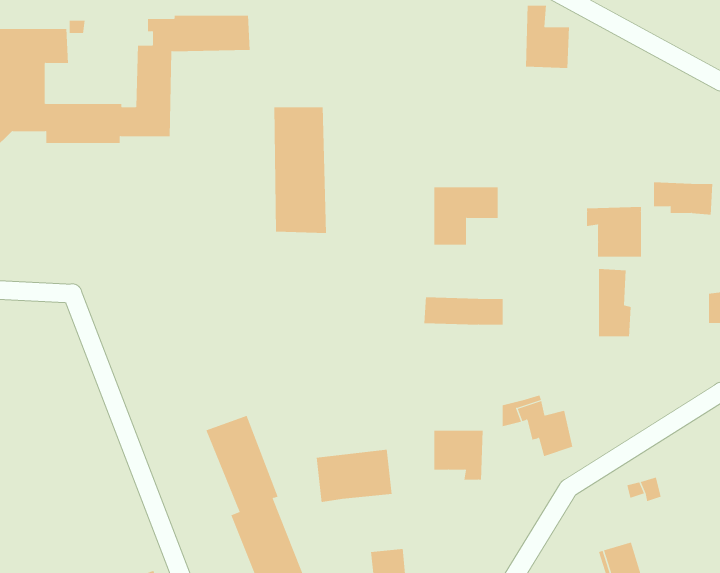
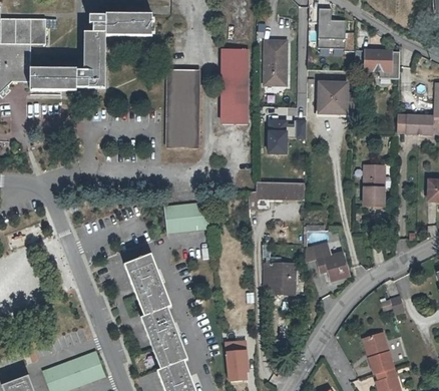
building: none -> [355,35,391,78]
building: none -> [265,43,287,86]
building: none -> [221,46,248,120]
building: none -> [317,83,345,112]
building: [587,206,641,258] -> none
building: [316,449,393,503] -> [163,200,209,232]

